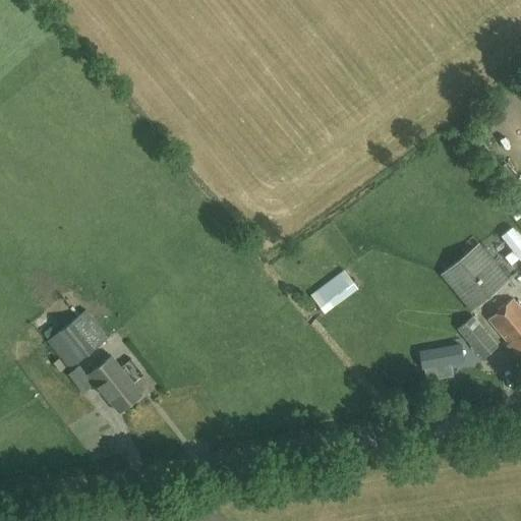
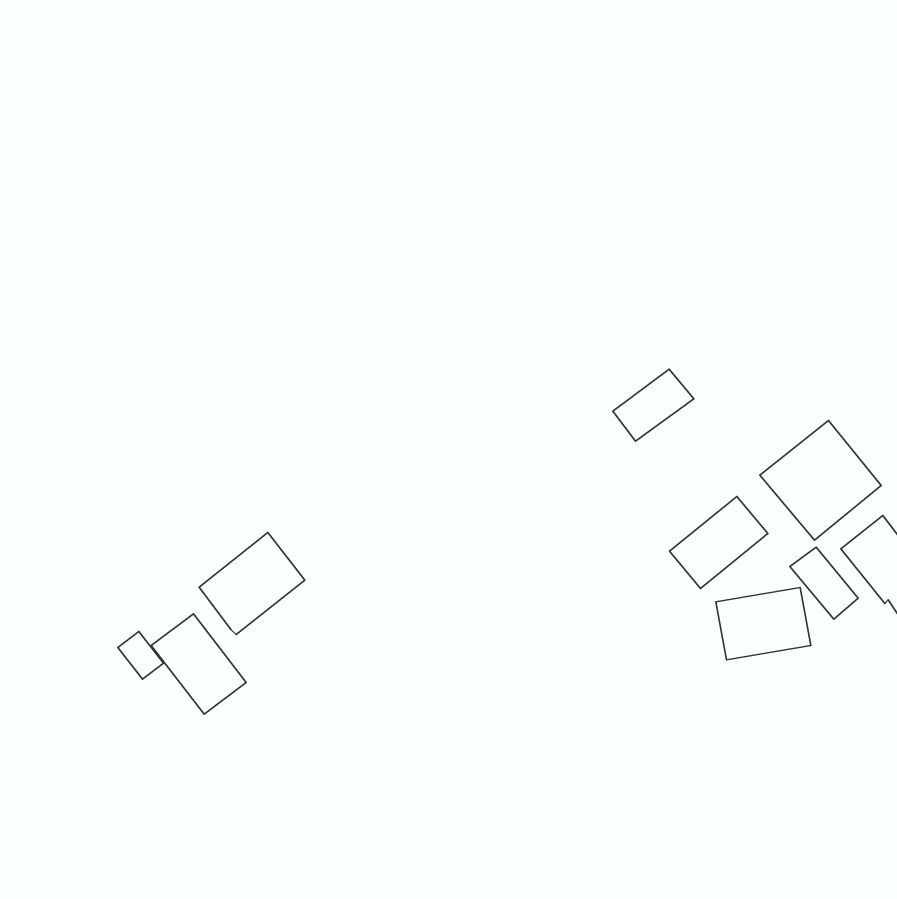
building: [311,272,358,313] -> [613,369,694,441]
building: none -> [669,496,768,588]
building: [48,310,109,369] -> [199,533,305,635]

